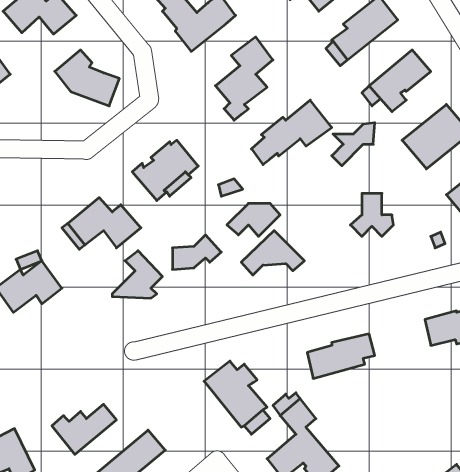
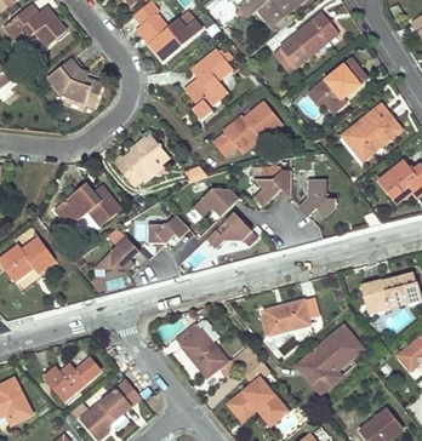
building: [332,123,375,166] -> [253,170,290,206]
building: none -> [297,326,360,393]

